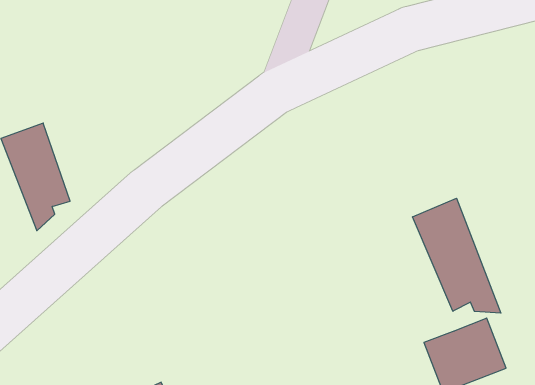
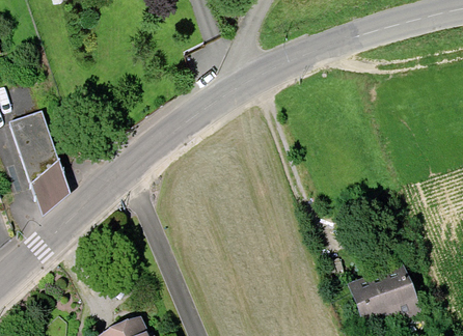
building: [413,198,501,313] -> none

